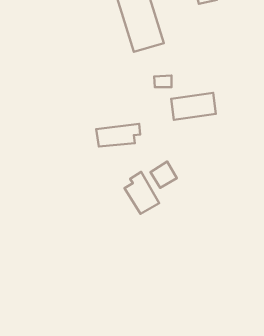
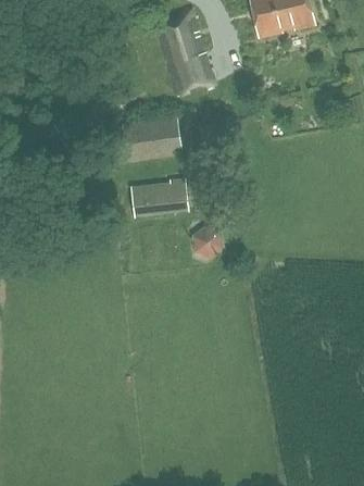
building: [171,93,216,120] -> [123,116,178,150]
building: [124,172,159,214] -> none

